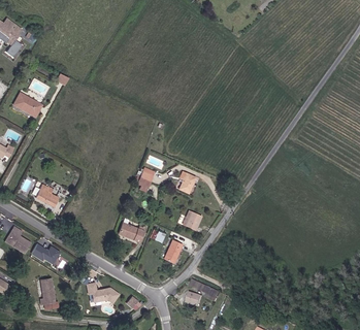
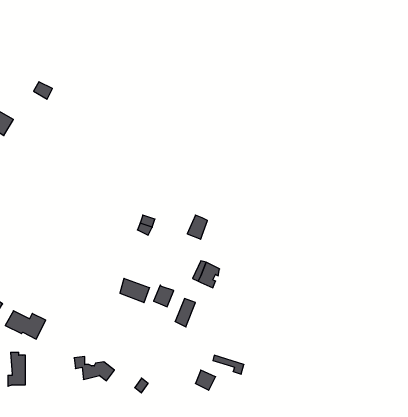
building: [34,179,59,207] -> none

